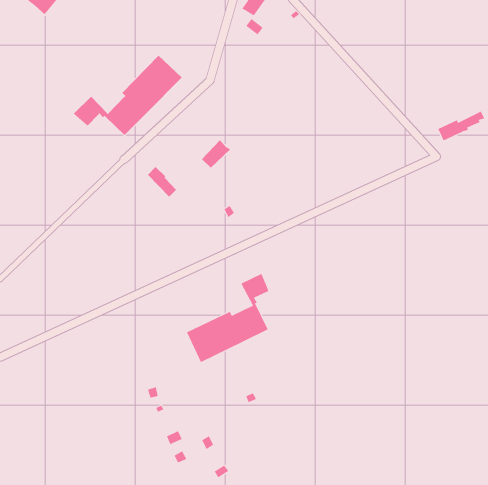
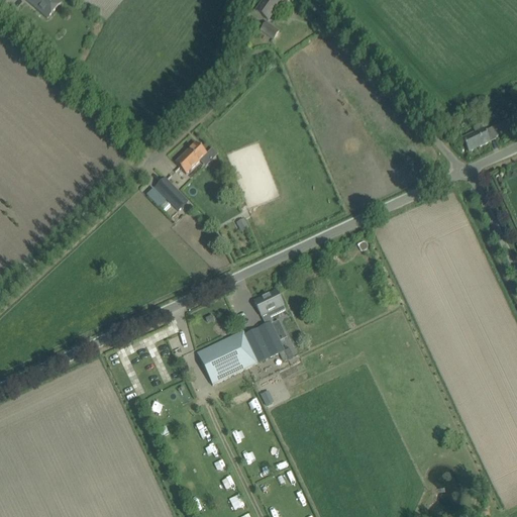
building: [73,55,182,136] -> none
building: [201,139,231,169] -> [176,140,207,172]

